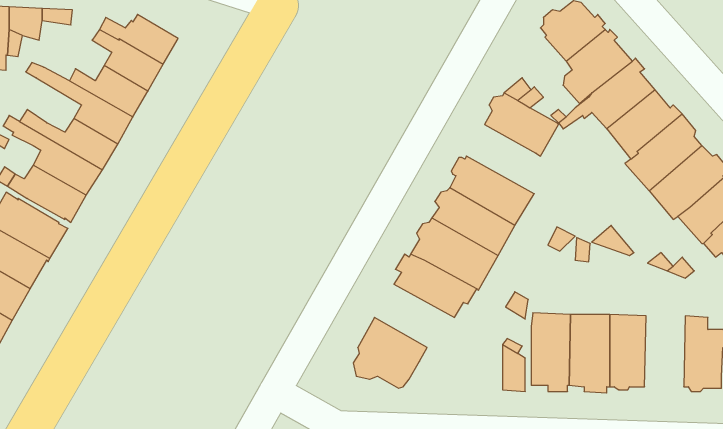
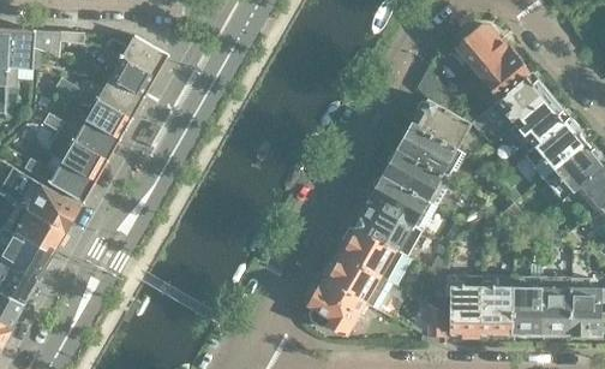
building: none -> [396,124,465,179]
building: none -> [321,251,393,308]
building: none -> [538,276,570,337]

